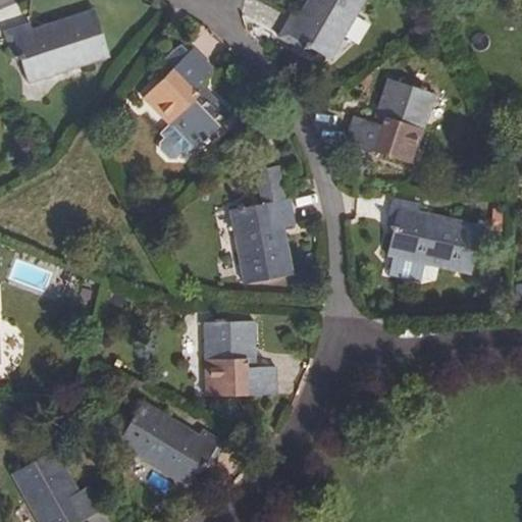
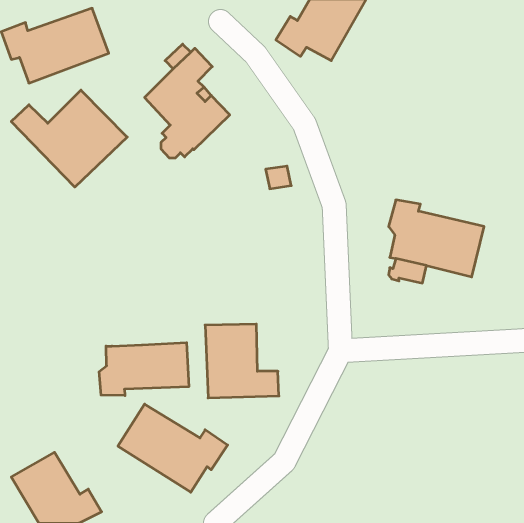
building: [345,83,433,165] -> none
building: none -> [11,90,127,187]
building: [231,198,298,282] -> none
building: none -> [99,343,189,396]

